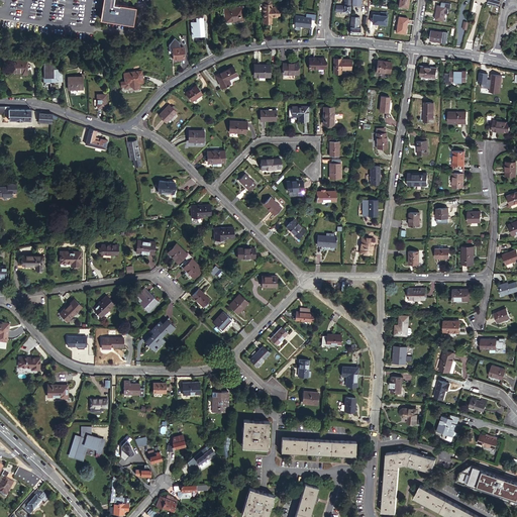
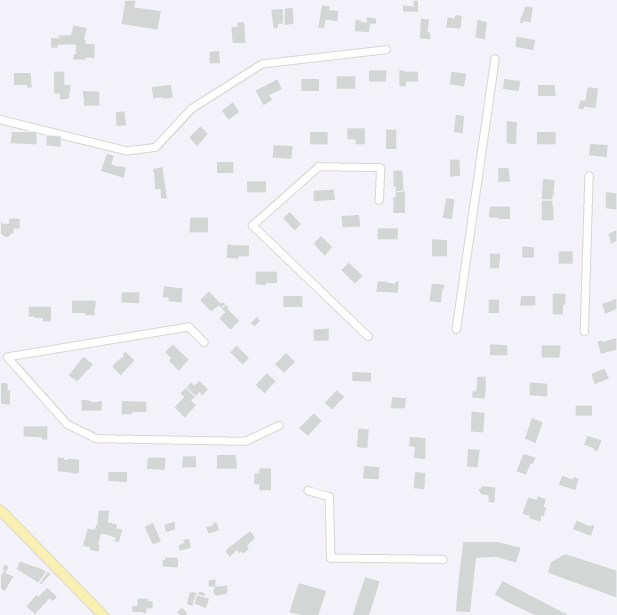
building: none -> [50,25,95,60]
building: [242,420,270,448] -> none
building: [281,438,356,456] -> none

